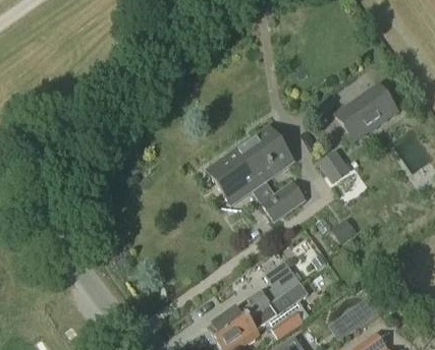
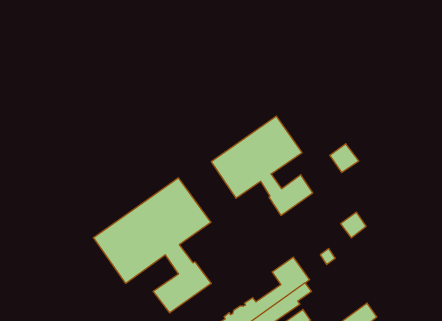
building: [334,81,398,141] -> none
building: none -> [93,178,211,313]

